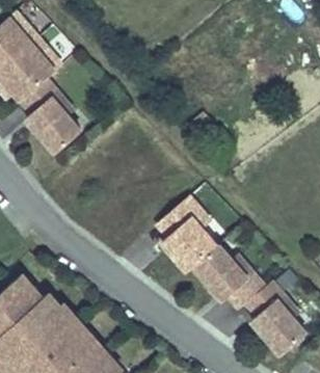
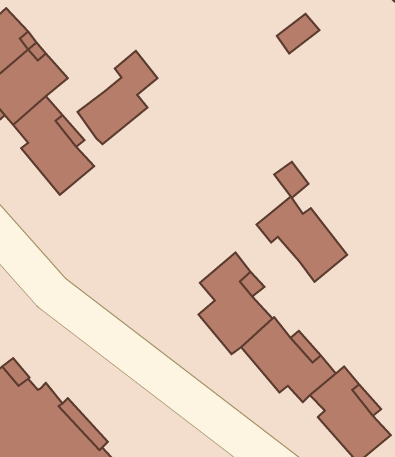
building: none -> [77,51,158,144]
building: none -> [257,196,347,282]

